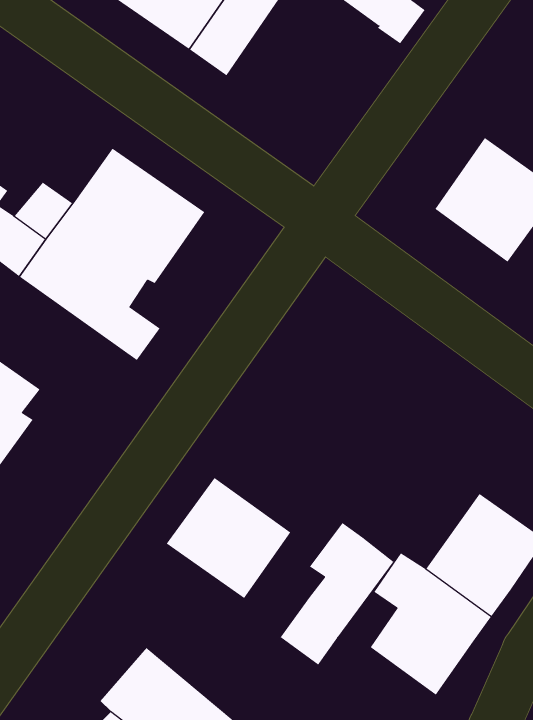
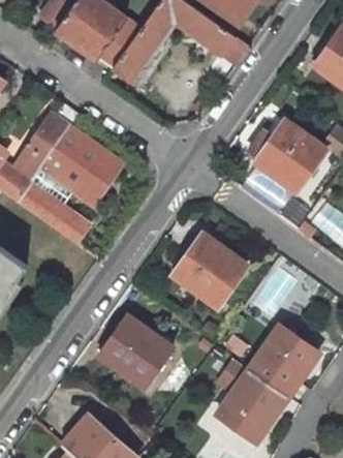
building: none -> [28,102,77,158]
building: none -> [173,235,246,306]
building: [280,522,394,666] -> none

